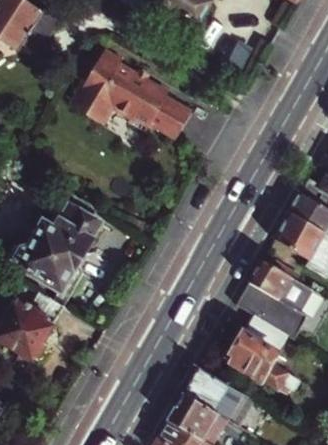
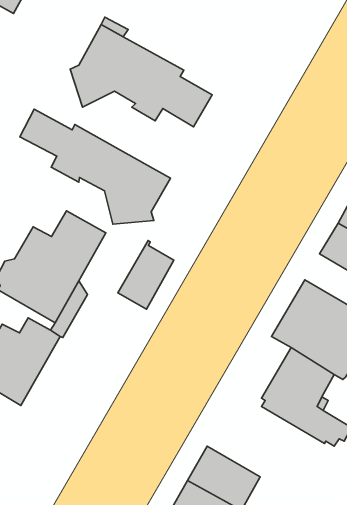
building: none -> [20,109,170,224]
building: none -> [118,241,174,309]
building: [184,367,243,421] -> none

